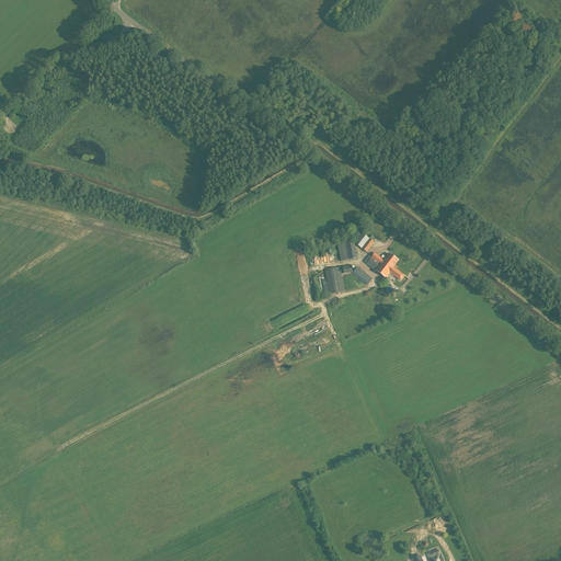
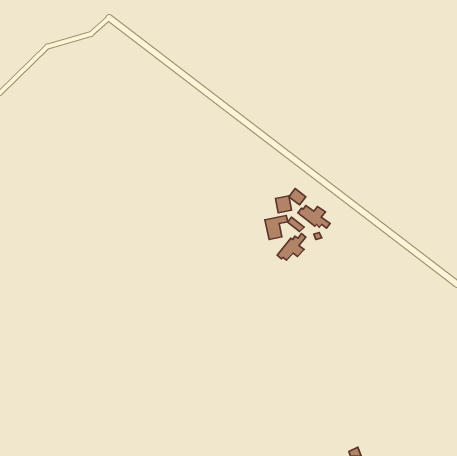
building: none -> [277,234,306,260]

